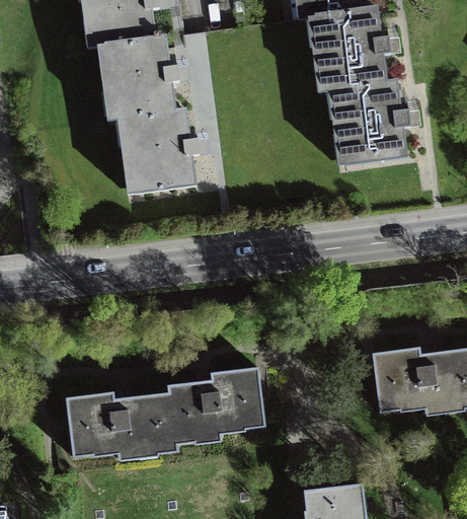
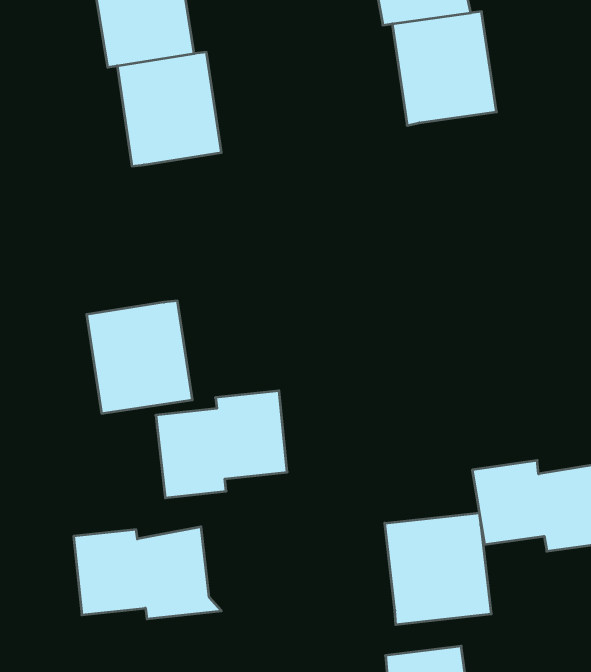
building: [326,82,405,167] -> none
building: [121,114,200,198] -> [87,301,192,413]
building: [162,367,260,447] -> [156,391,287,498]
building: none -> [385,513,491,625]

